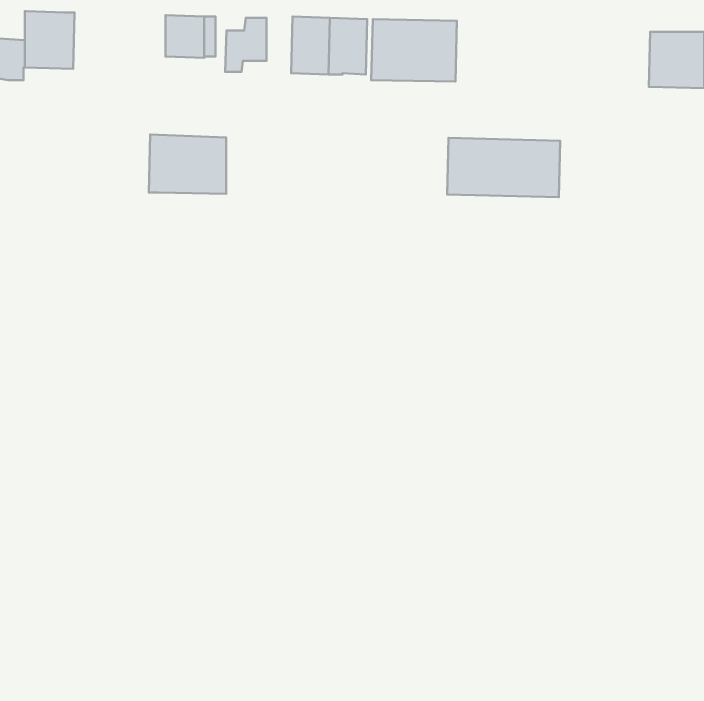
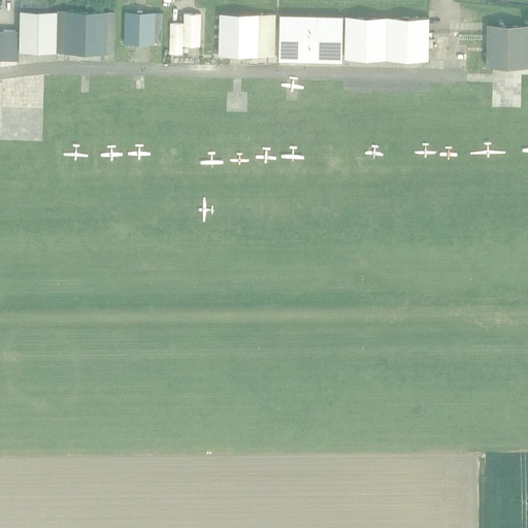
building: [149,135,226,194] -> [56,12,113,57]
building: [447,138,560,197] -> [343,19,428,63]

